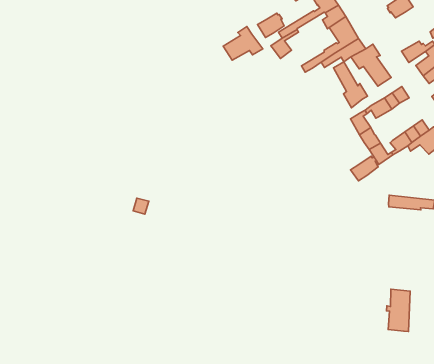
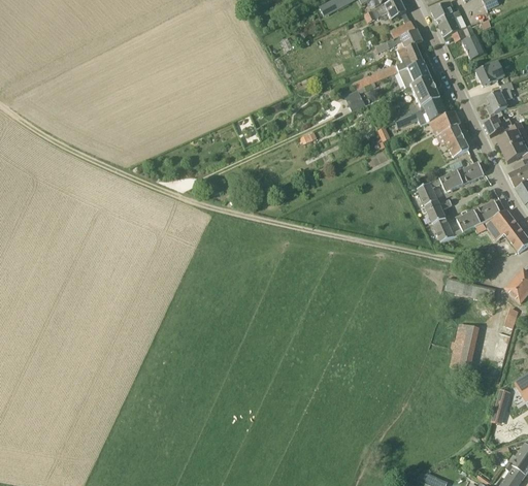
building: none -> [487,82,514,114]
building: [257,13,284,38] -> none
building: [223,27,263,60] -> none
building: [333,62,368,108] -> none
building: [351,156,378,181] -> none
building: [386,289,410,331] -> [450,323,480,371]

